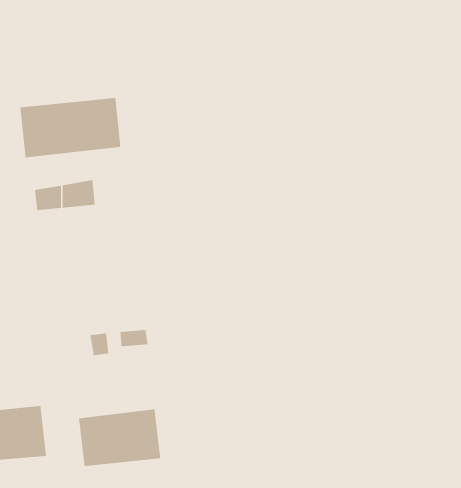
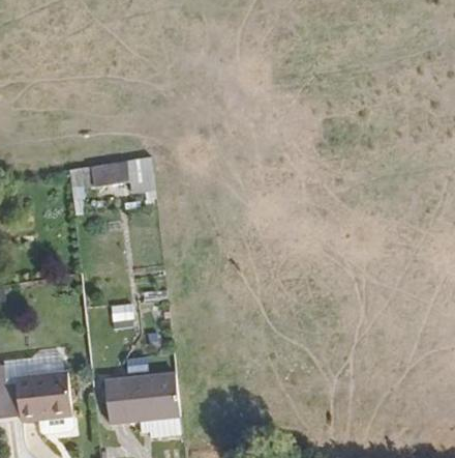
building: [20,97,121,158] -> none
building: none -> [121,159,153,193]

